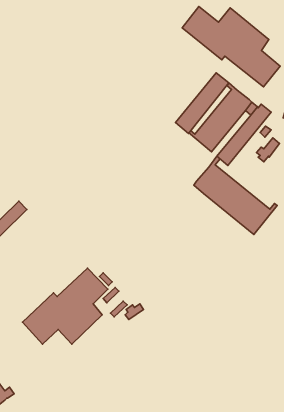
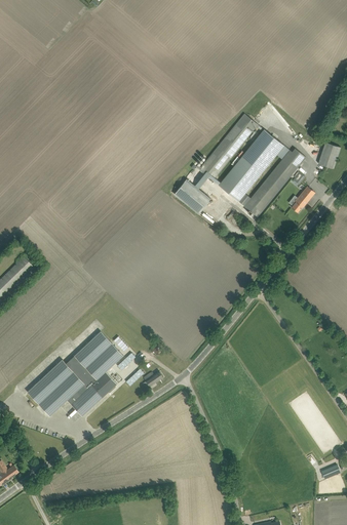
building: [182,6,280,87] -> none
building: none -> [172,180,209,216]
building: [194,156,277,234] -> none

